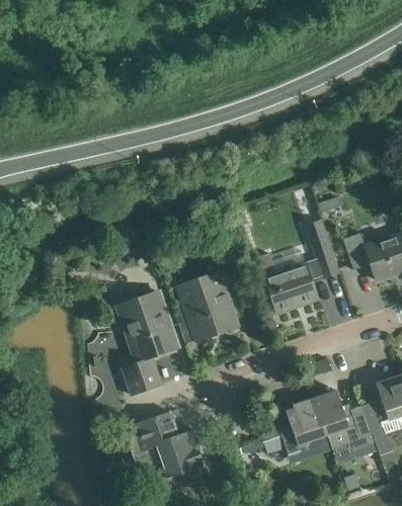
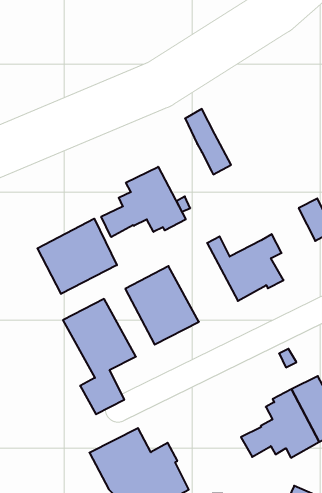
building: none -> [101,167,186,237]
building: [306,220,340,279] -> [185,109,231,174]
building: none -> [37,219,117,294]

